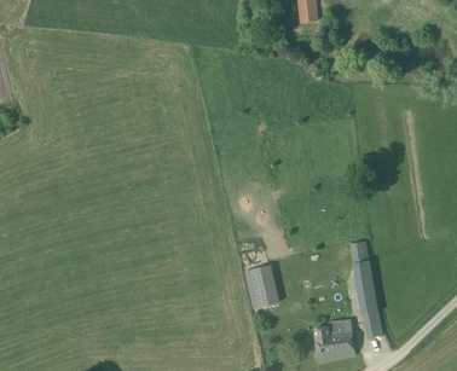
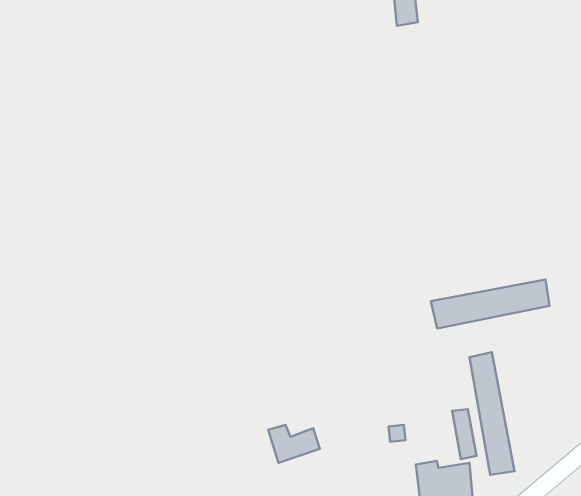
building: none -> [431,279,549,329]
building: [250,278,287,305] -> [268,425,320,463]

